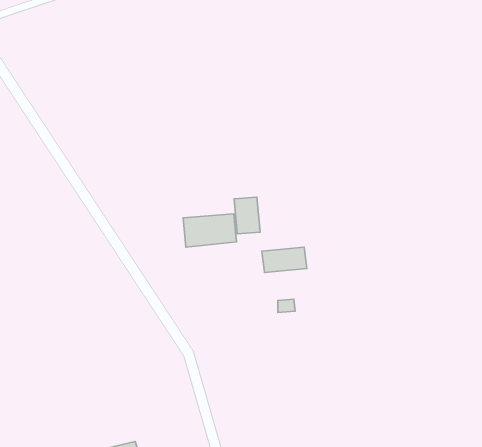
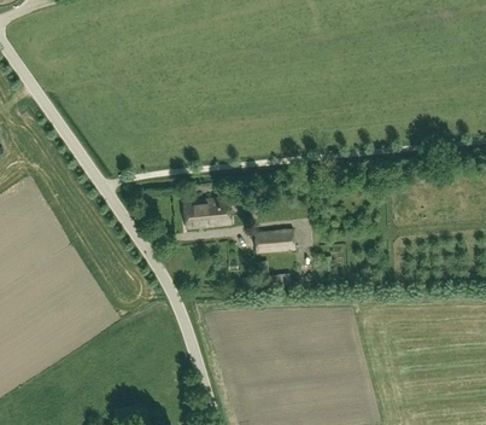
building: [234,197,260,234] -> none

